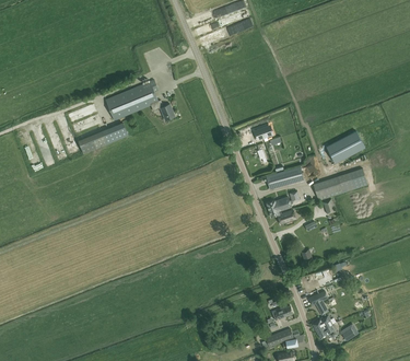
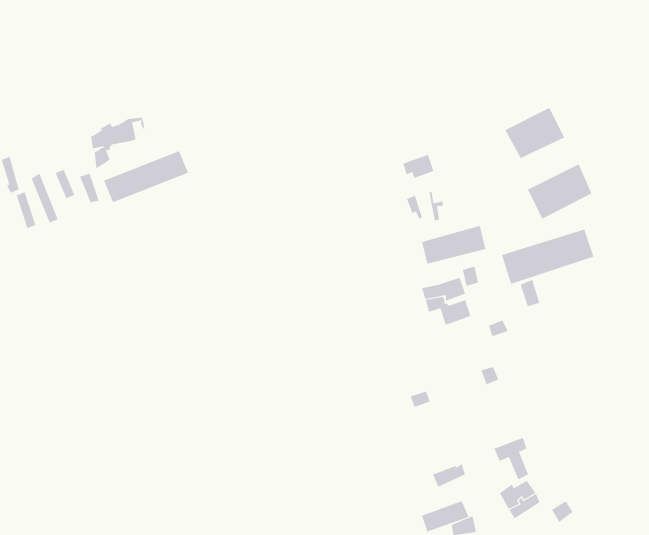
building: [105,79,175,120] -> none
building: none -> [504,107,565,159]

